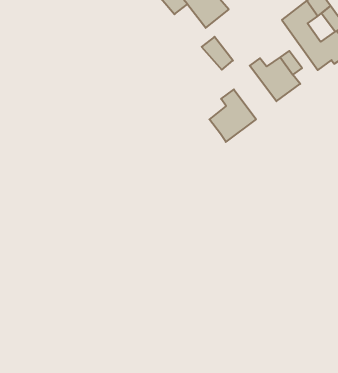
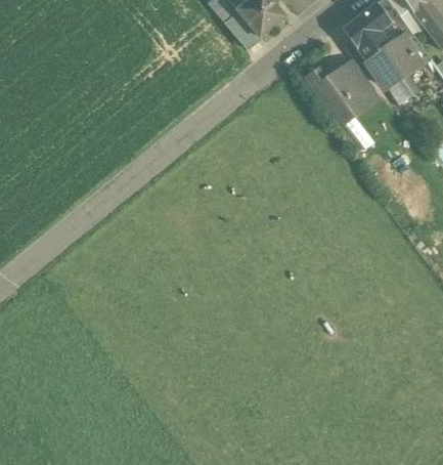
building: [202,37,233,70] -> [224,10,259,47]
building: [209,89,256,142] -> none

